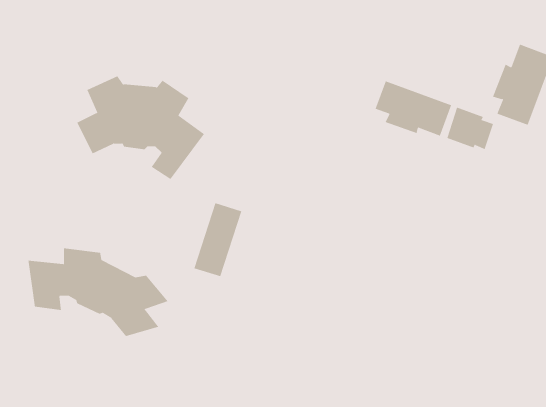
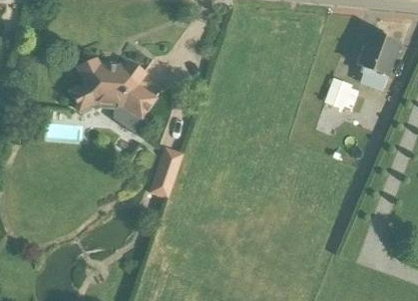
building: [375,81,452,136] -> none
building: [28,248,168,337] -> none

